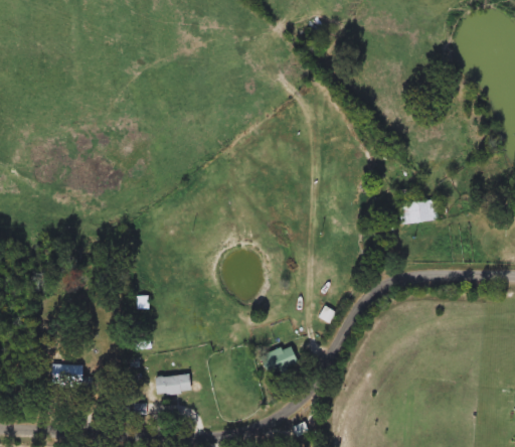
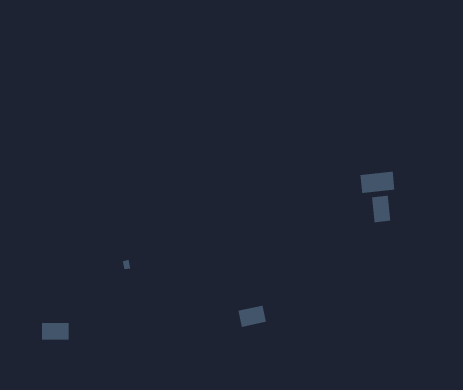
building: none -> [371,195,391,223]
building: [154,376,192,394] -> none

